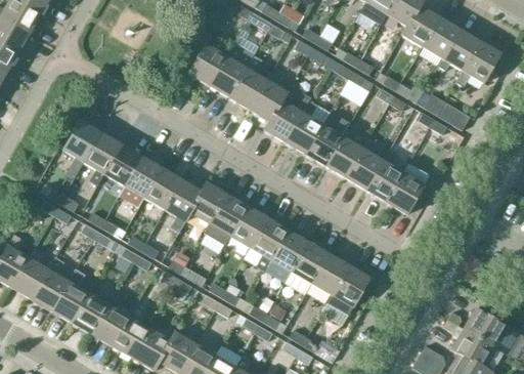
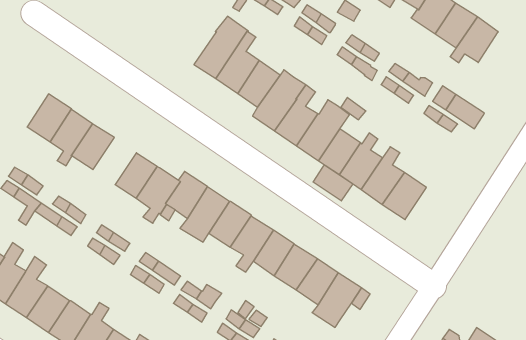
building: [187,35,226,87] -> none
building: [454,42,500,87] -> none
building: [119,157,161,208] -> none
building: none -> [313,165,353,201]

